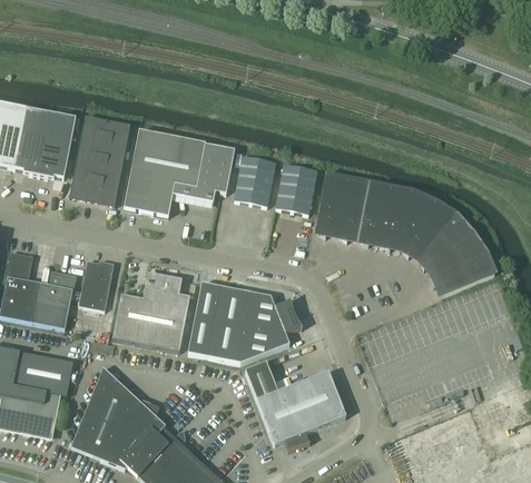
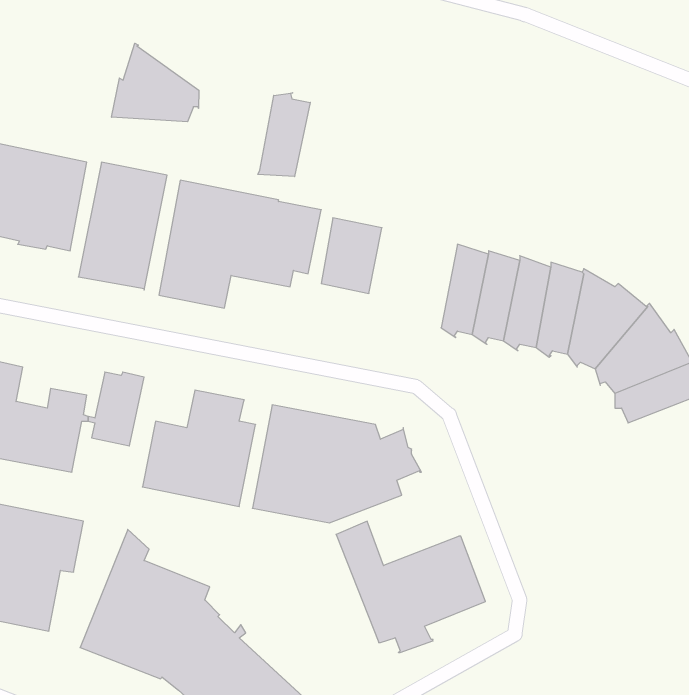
building: none -> [112,43,199,122]
building: none -> [258,93,310,177]
building: [275,164,316,214] -> none

